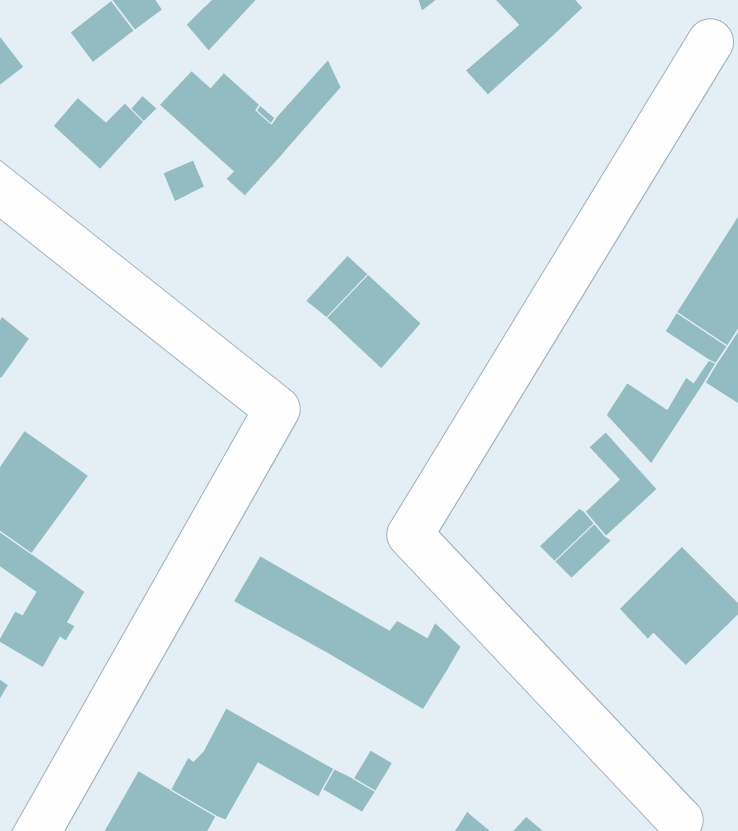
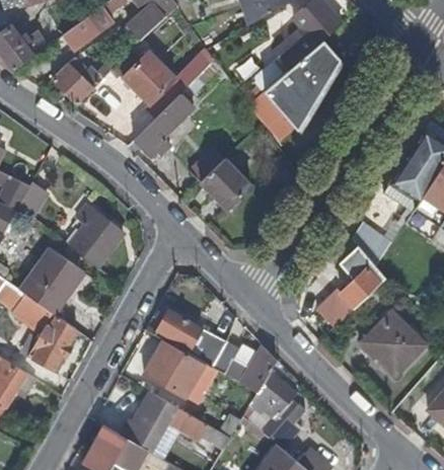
building: none -> [248,36,341,145]
building: none -> [139,96,196,161]
building: none -> [67,205,121,266]
building: none -> [145,340,204,396]
building: none -> [242,372,303,449]

